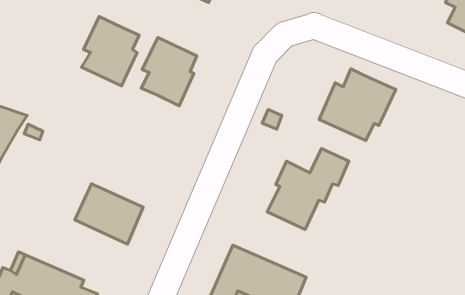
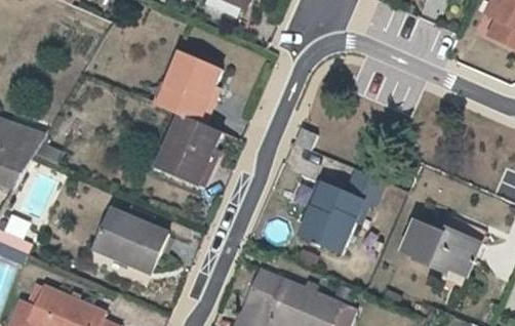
building: [82,16,139,86] -> [163,113,224,186]
building: [319,69,396,141] -> none
building: none -> [405,217,486,276]

